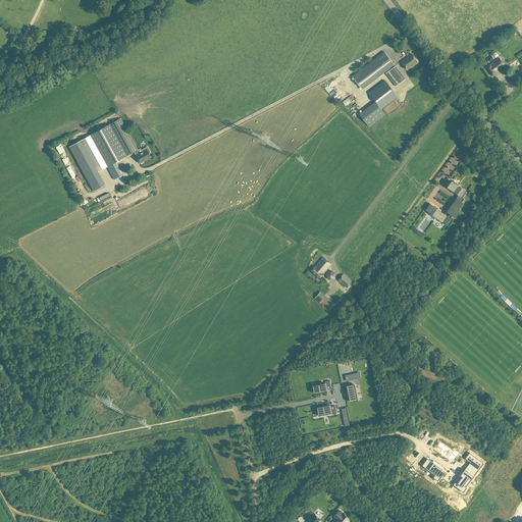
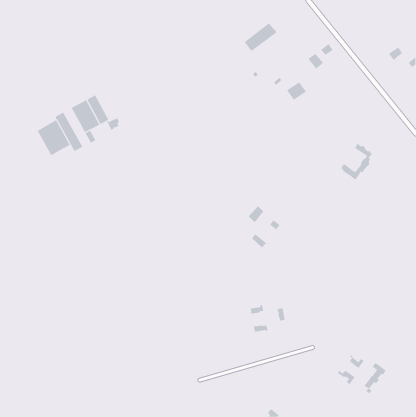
building: [352,52,394,89] -> [244,23,277,52]
building: [368,81,397,108] -> none
building: none -> [37,119,70,156]

